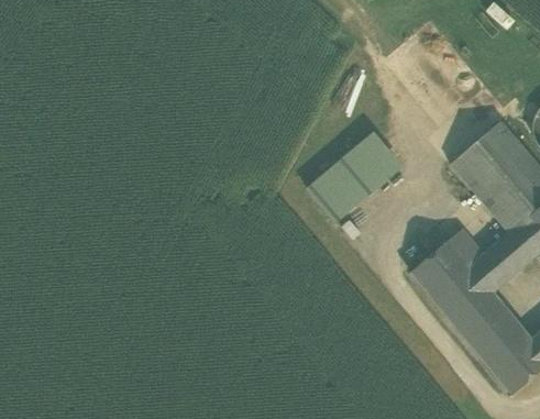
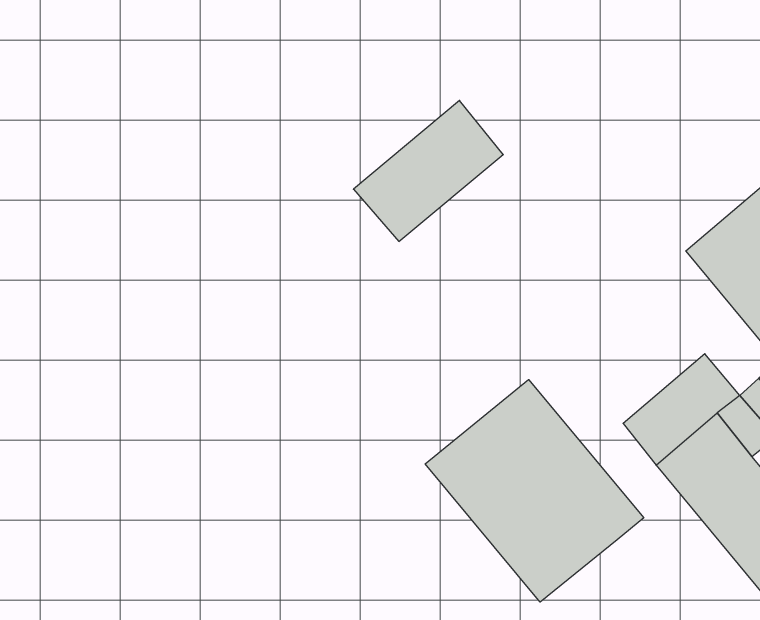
building: [307,133,401,222] -> [353,100,503,241]
building: none -> [425,380,644,602]

